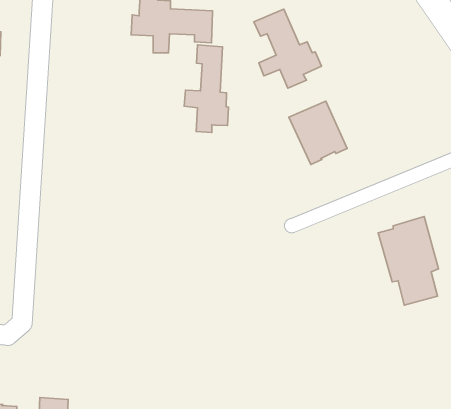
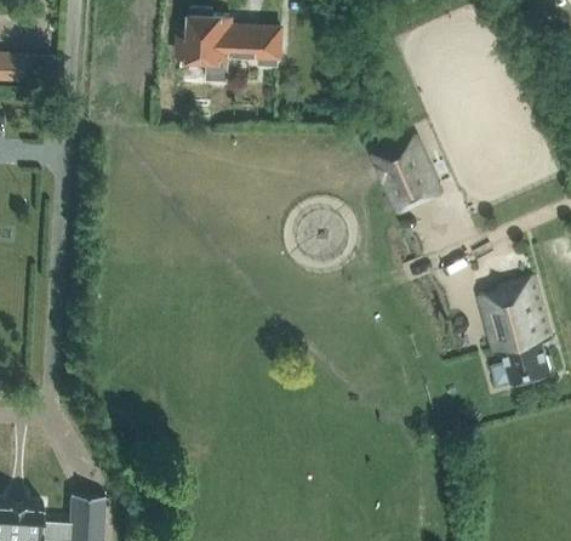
building: [254,9,322,88] -> none
building: [184,45,228,132] -> none

